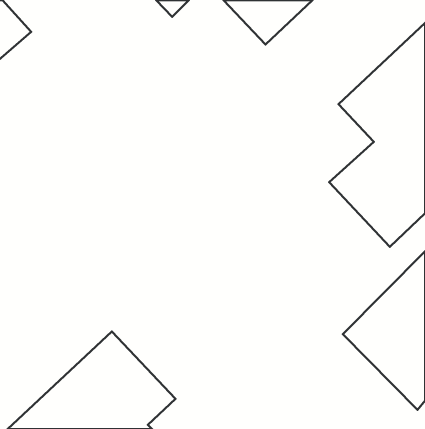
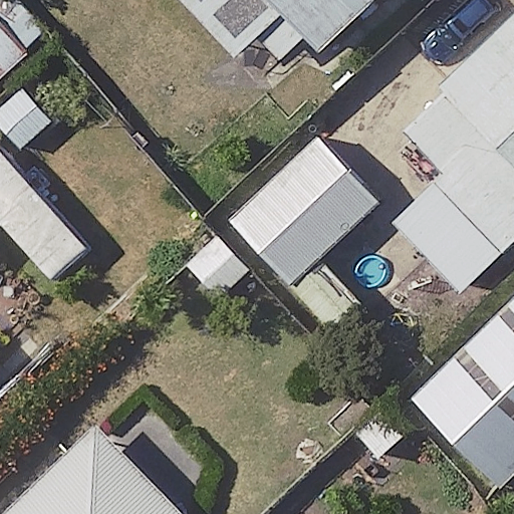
building: none -> [230,136,379,331]

